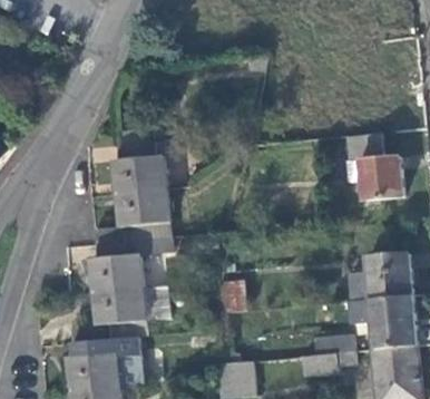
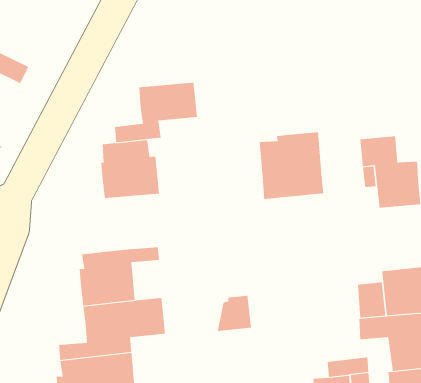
building: none -> [259,132,324,200]
building: [89,188,166,244] -> [114,82,198,143]

